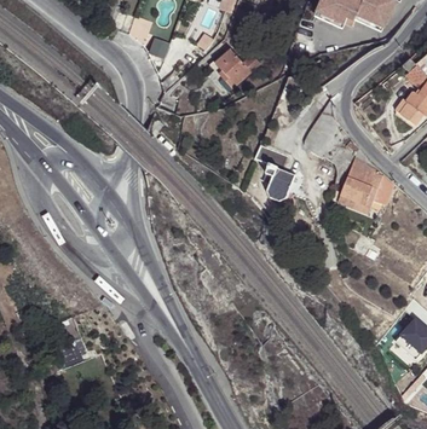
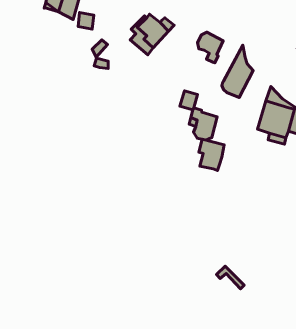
building: none -> [197,32,223,63]
building: none -> [199,139,224,170]

